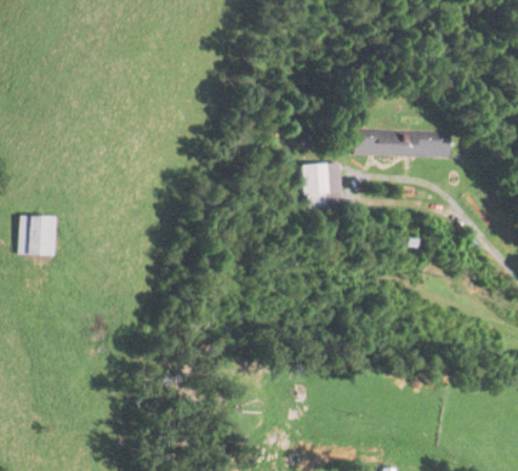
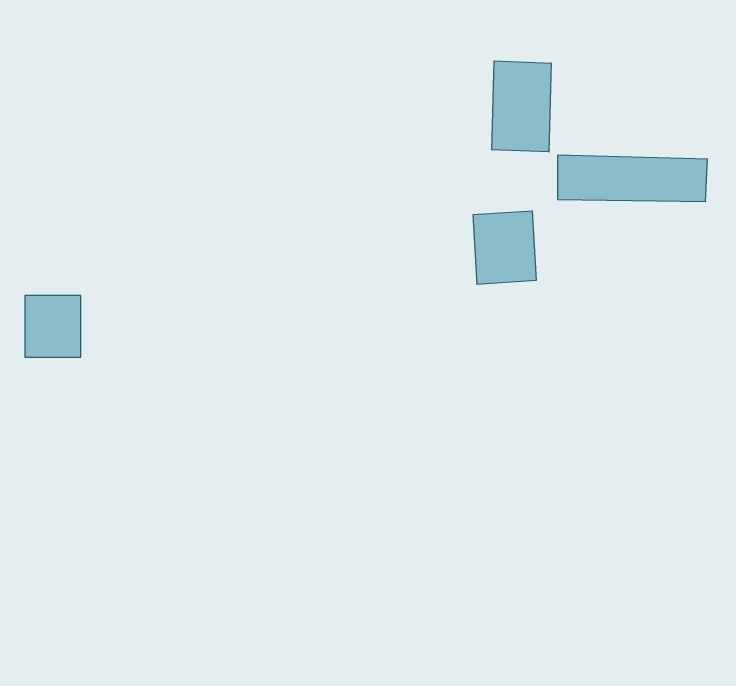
building: none -> [492,61,551,152]

